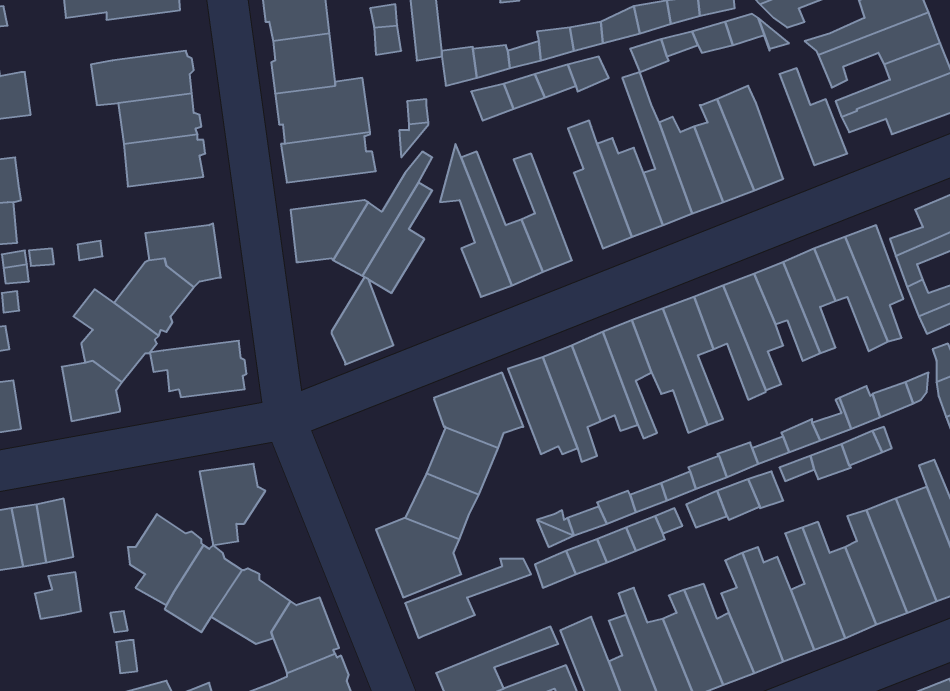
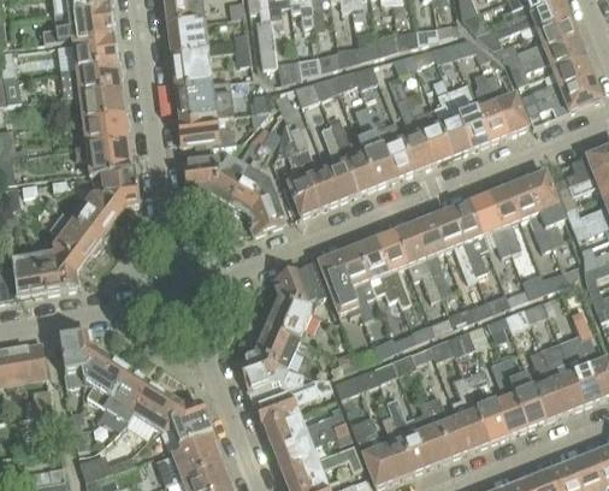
building: none -> [69,37,120,69]
building: none -> [472,72,508,142]
building: none -> [331,120,377,193]
building: [332,277,394,365] -> [246,179,284,233]
building: [150,341,247,397] -> [73,141,134,176]
building: none -> [10,255,47,297]
building: [200,464,265,545] -> [59,333,100,384]
building: none -> [265,404,344,449]

